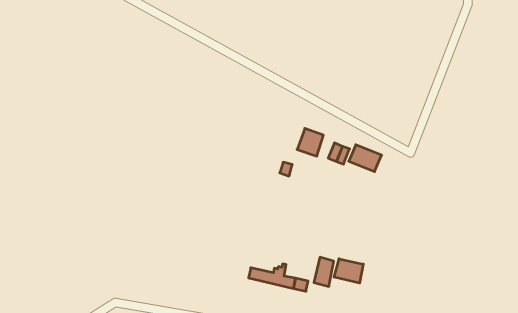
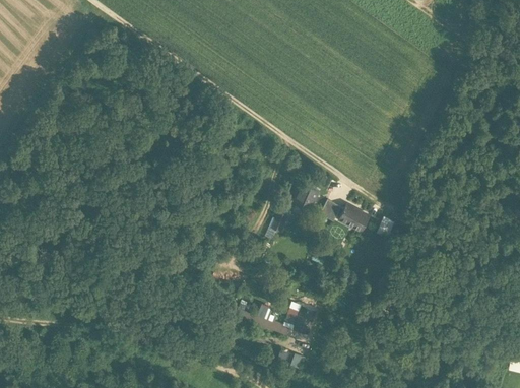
building: [334,259,363,283] -> none

